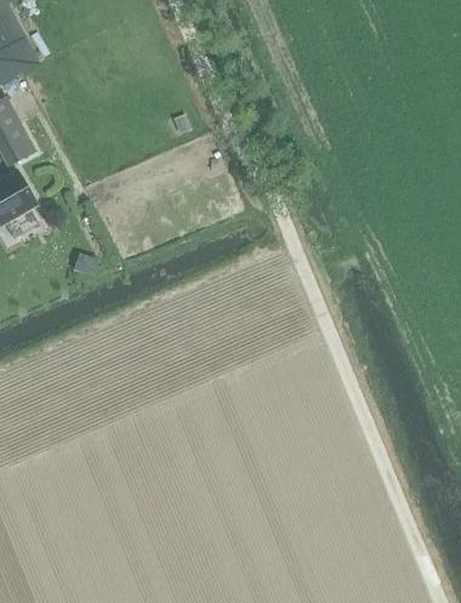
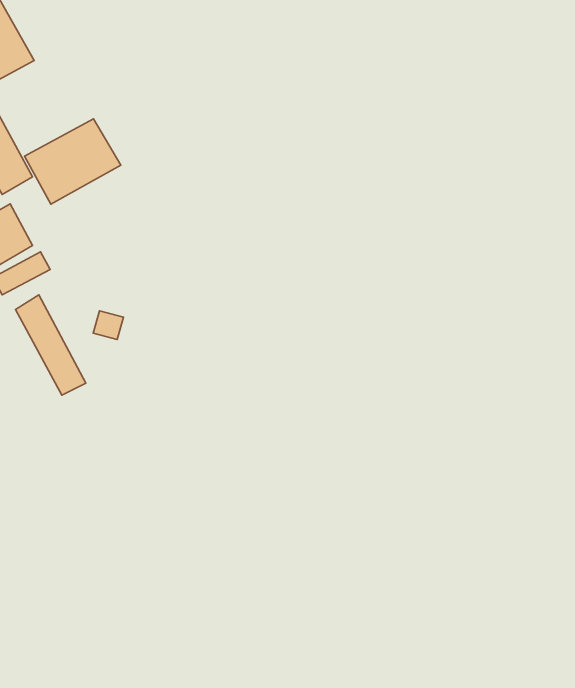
building: none -> [25,119,121,204]
building: none -> [16,295,86,395]

